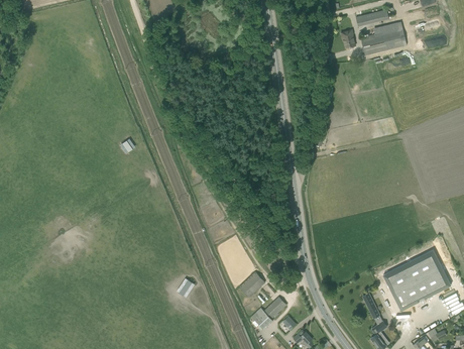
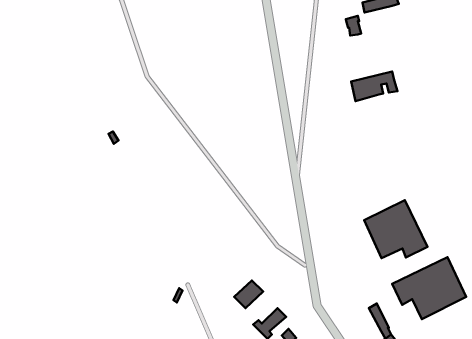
building: [360,28,402,55] -> [351,71,398,101]
building: none -> [364,200,427,258]

